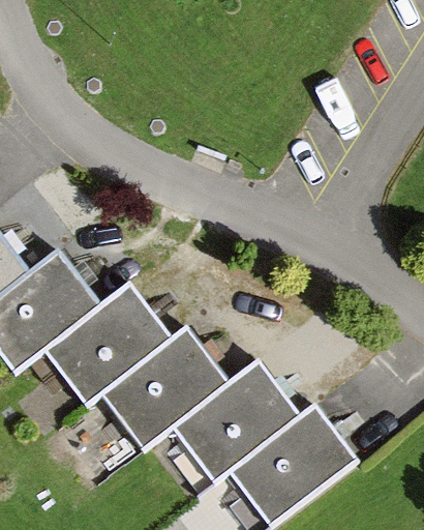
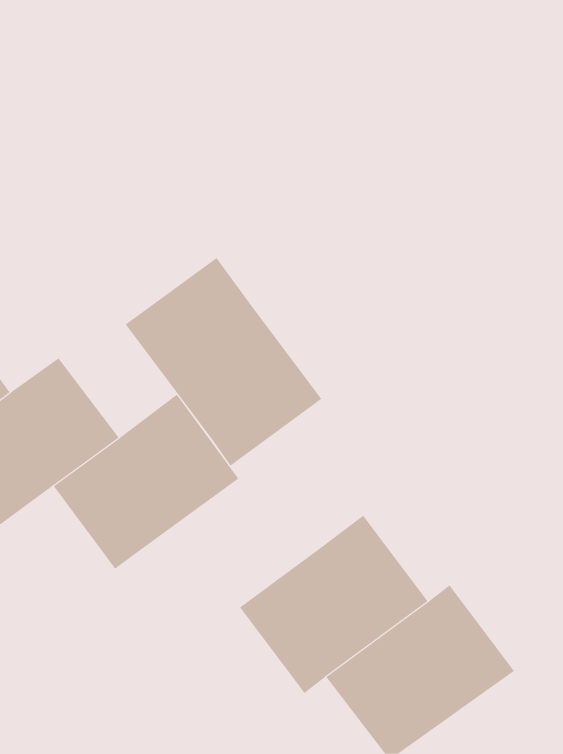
building: none -> [125,257,322,466]
building: [98,325,225,445] -> none

